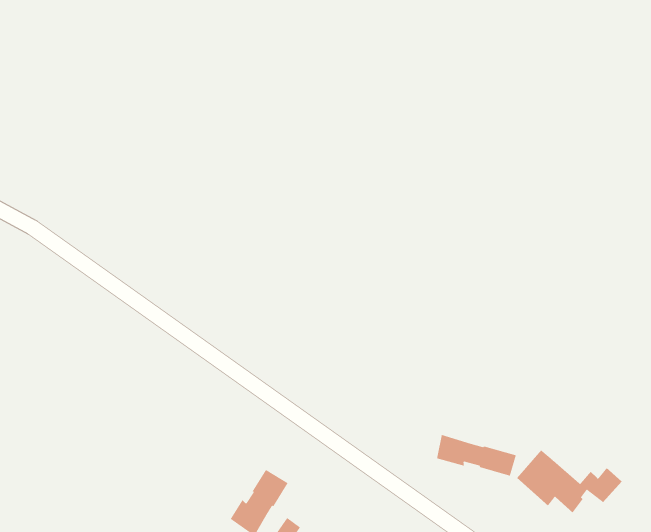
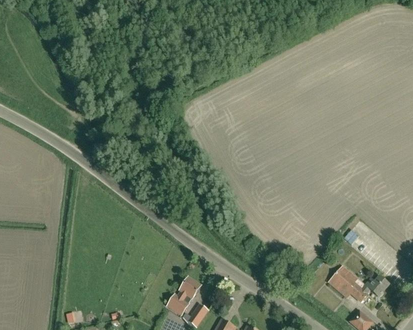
building: [437,434,517,476] -> none

